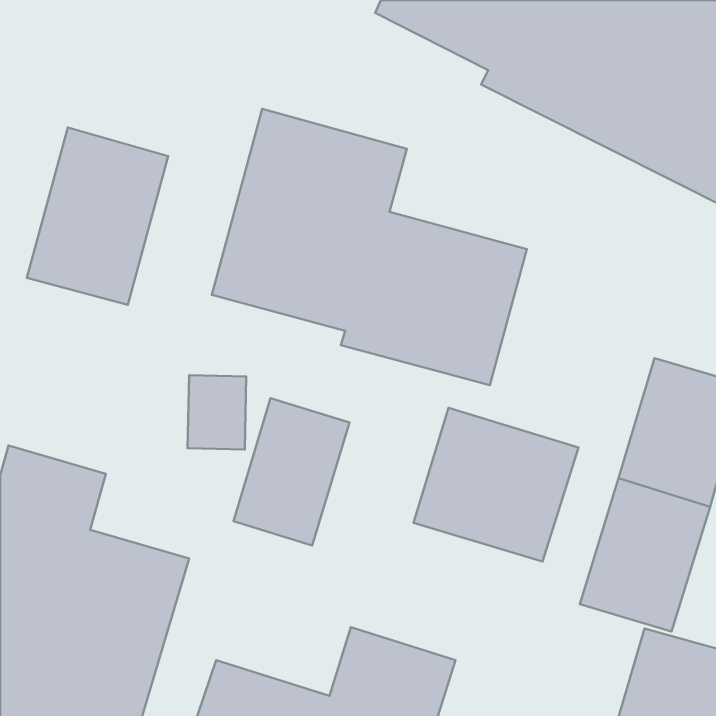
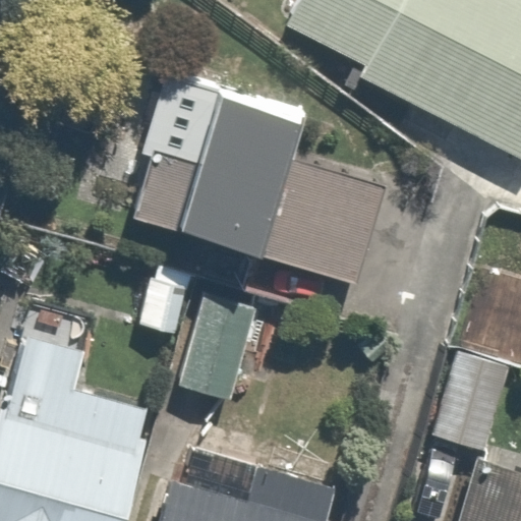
building: [27,128,168,305] -> none
building: [414,408,578,562] -> none

